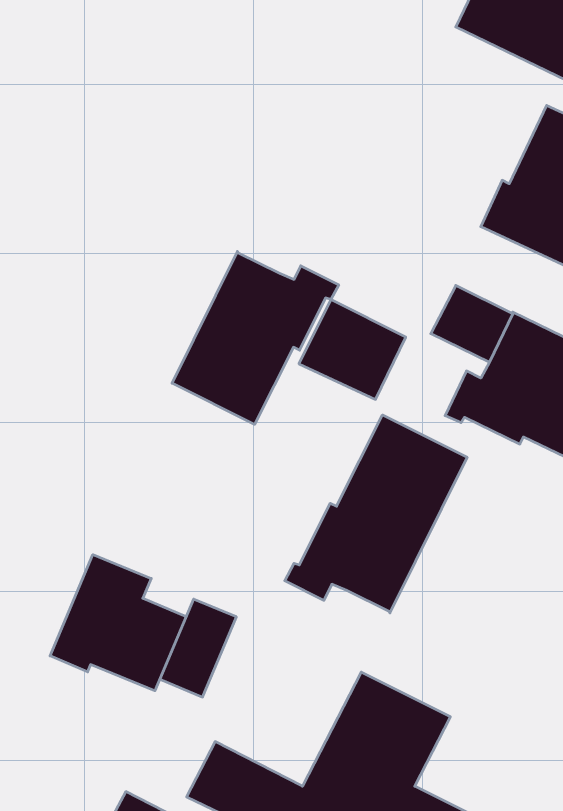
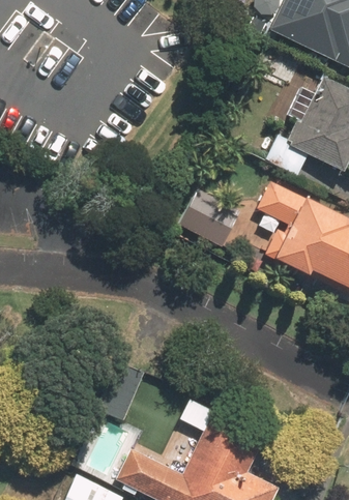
building: [172,251,339,424] -> none
building: [285,415,467,613] -> none
building: [50,555,186,691] -> none

